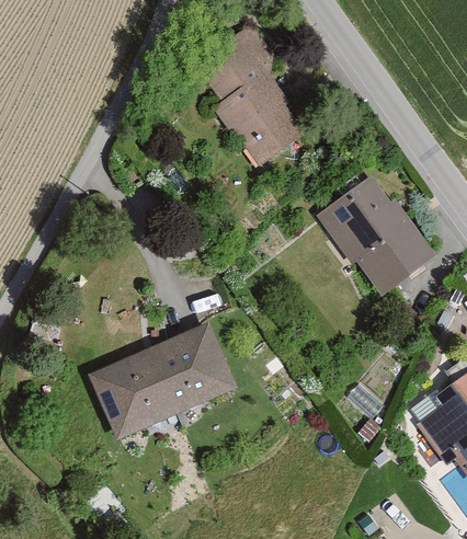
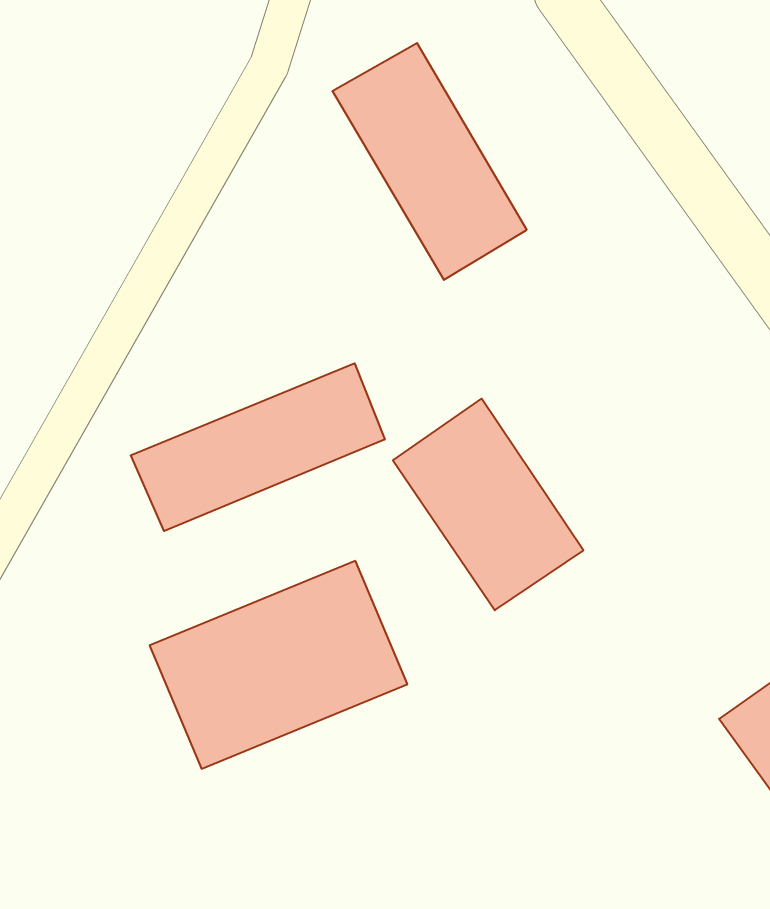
building: [319,177,428,298] -> [393,399,583,610]
building: none -> [131,363,385,531]

